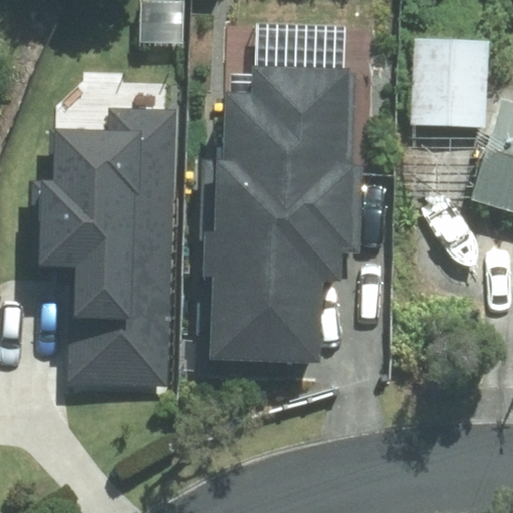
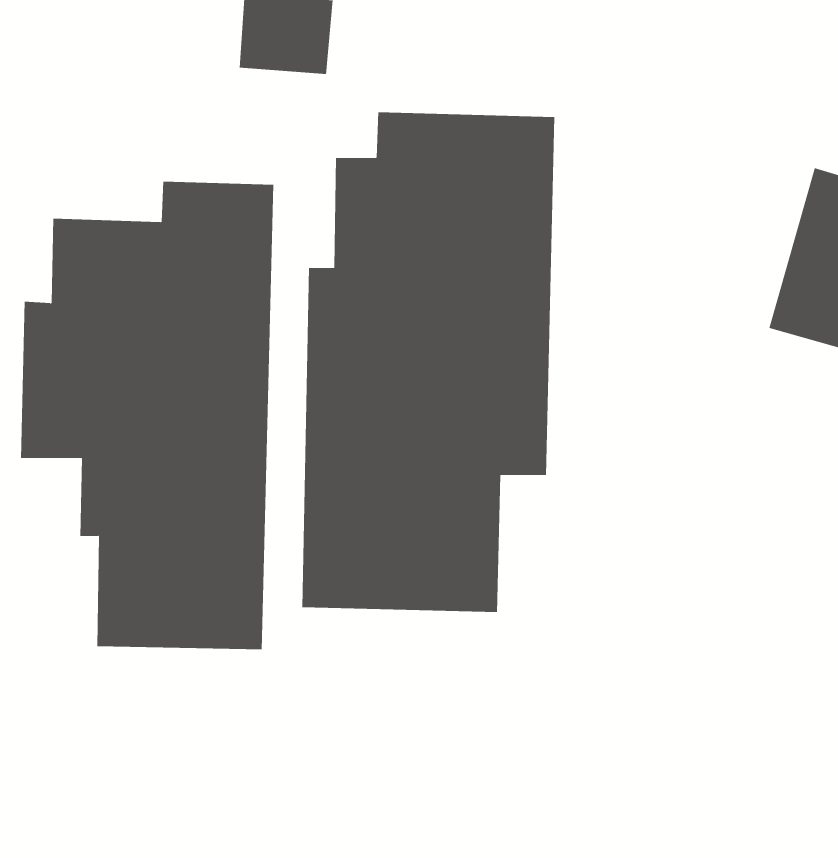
building: [412,36,487,128] -> none

